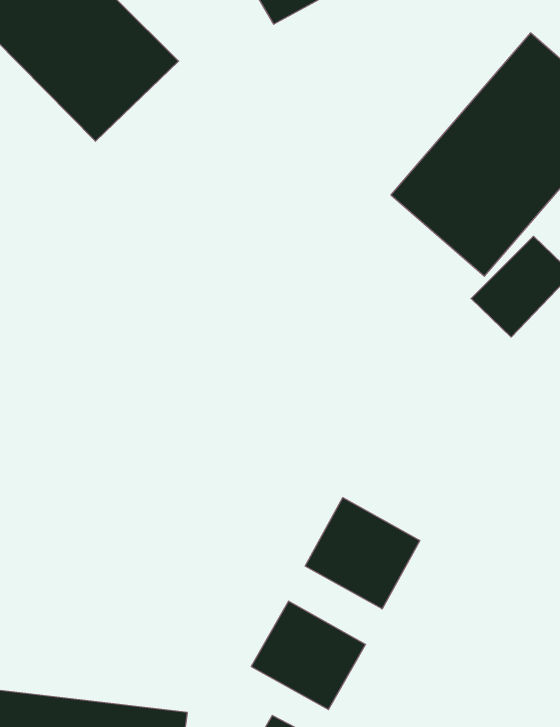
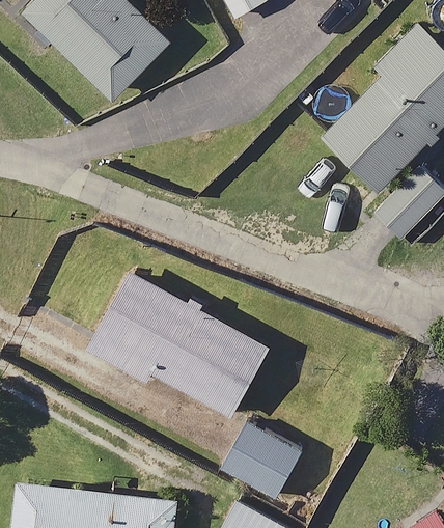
building: none -> [87,273,268,415]
building: [305,498,420,609] -> none

